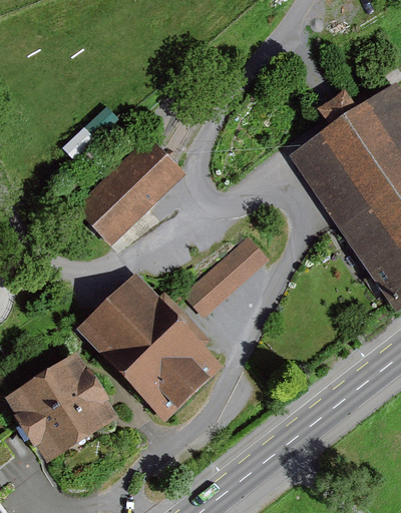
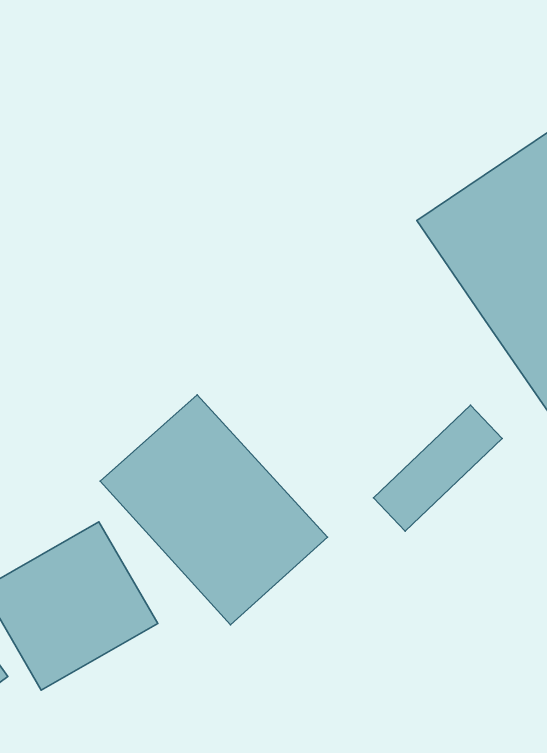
building: [74,134,186,244] -> none
building: [185,231,271,315] -> [373,405,502,531]

